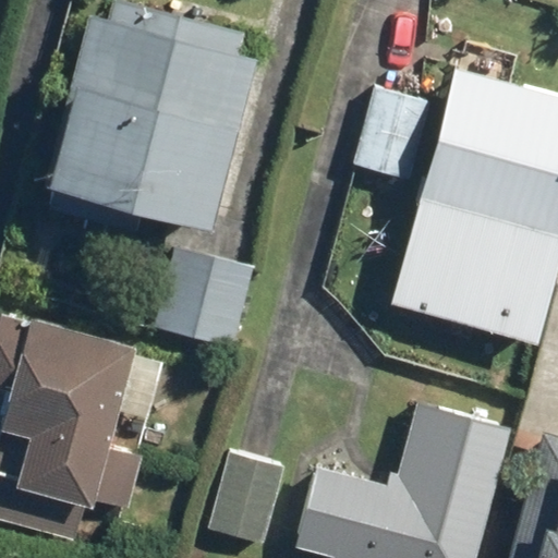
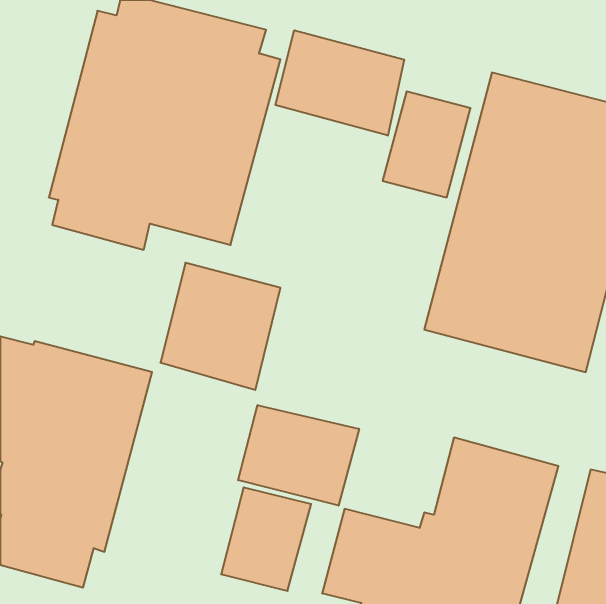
building: none -> [276,30,404,136]
building: none -> [238,405,359,506]

